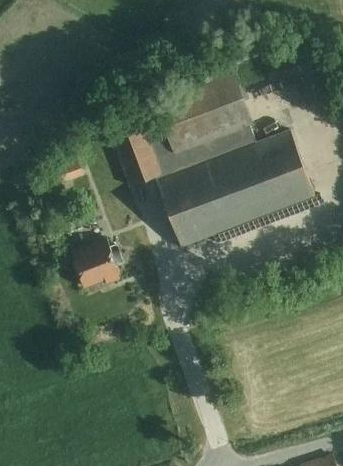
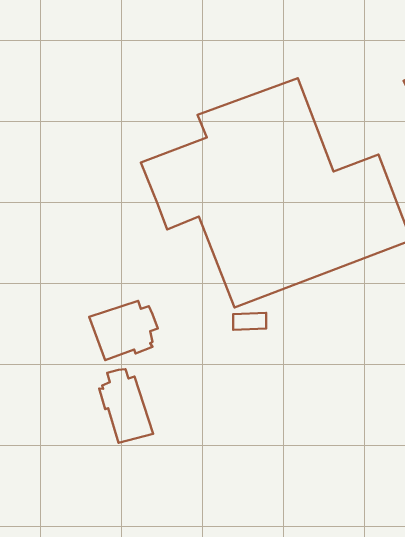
building: none -> [99,369,153,443]

